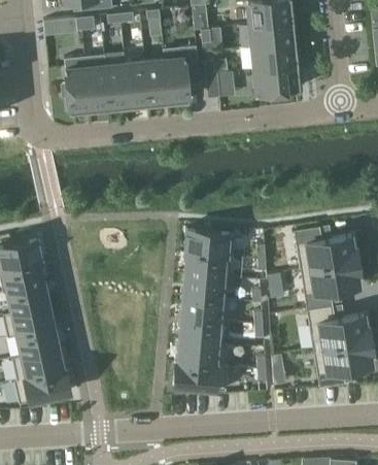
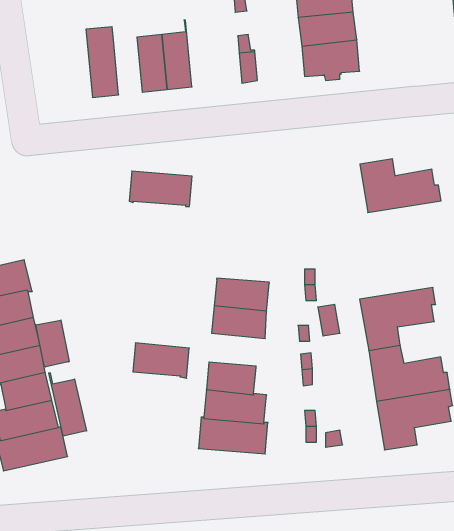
building: [164,45,201,102] -> none
building: [63,57,91,112] -> none
building: [107,63,130,108] -> none
building: [295,227,358,269] -> [360,159,441,213]
building: [185,229,235,257] -> [129,171,192,206]
building: none -> [36,320,69,367]
building: [182,296,227,324] -> [133,343,189,378]
building: none -> [49,373,87,436]

